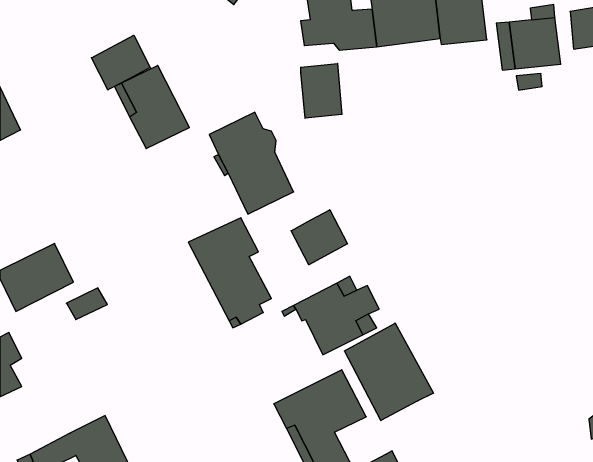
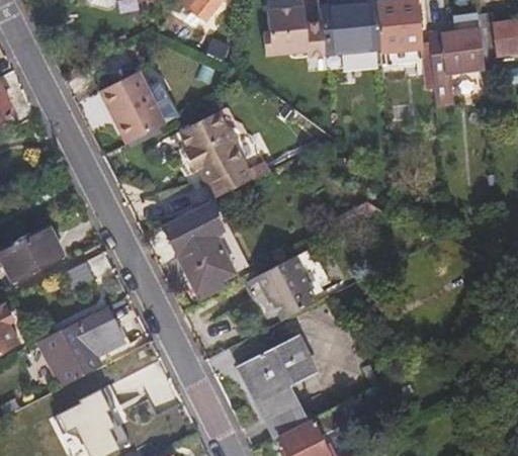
building: [91,35,150,90] -> none
building: [301,63,342,118] -> none
building: [291,210,347,265] -> none
building: [344,323,433,421] -> none
building: none -> [37,309,121,388]

